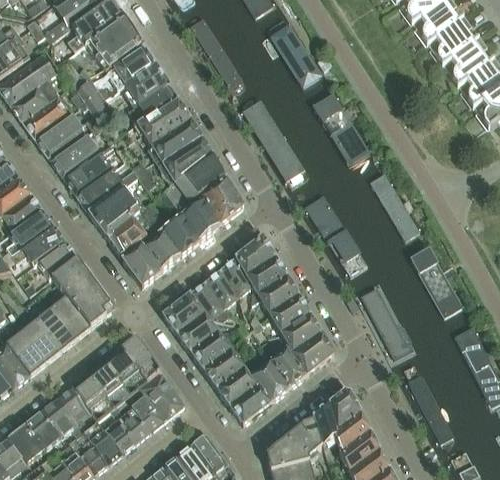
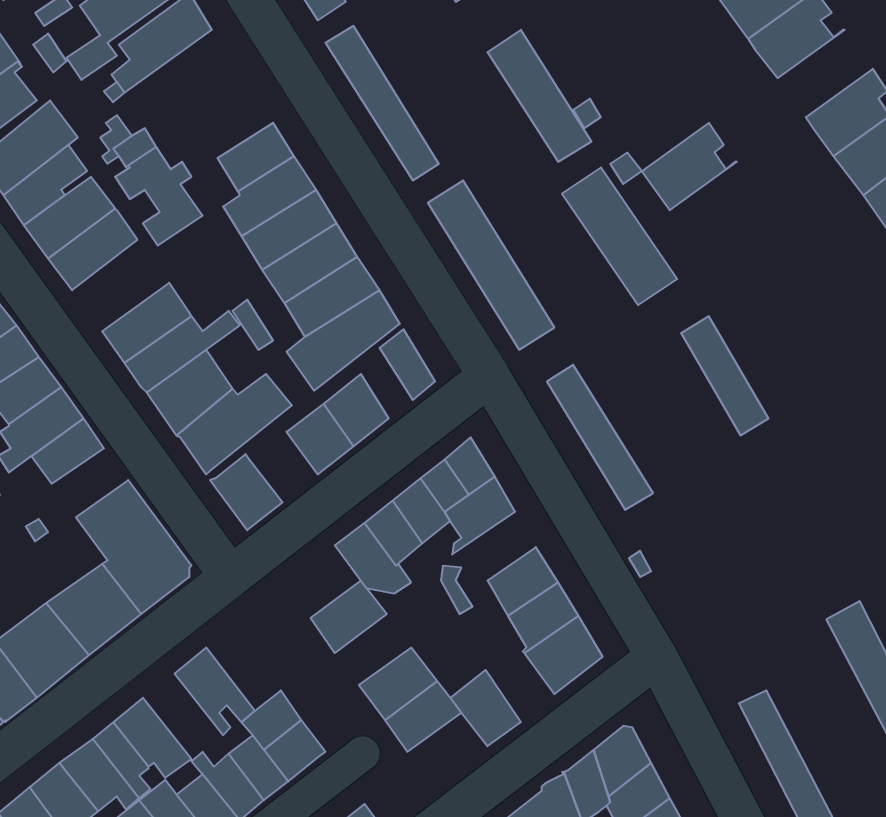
building: [87,16,141,68] -> none
building: [427,16,478,63] -> [642,123,737,210]
building: [109,47,156,88] -> none
building: [50,132,100,178] -> none
building: [200,187,231,225] -> none
building: [143,232,180,270] -> none
building: [37,241,78,278] -> none
building: [410,245,457,309] -> none
building: [252,275,297,312] -> none
building: [358,284,414,361] -> none
building: [163,293,203,332] -> none
building: [189,330,230,368] -> none
building: [120,336,160,382] -> none
building: [270,347,307,388] -> none
building: [86,362,129,408] -> none
building: [228,383,271,424] -> none

